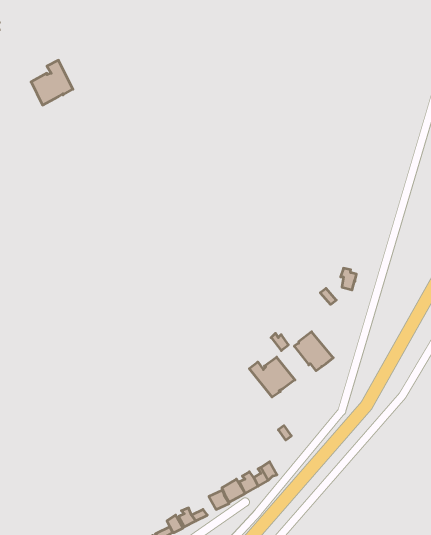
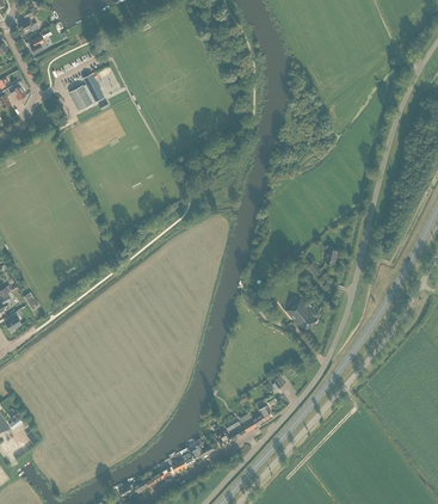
building: [249,357,295,397] -> none

